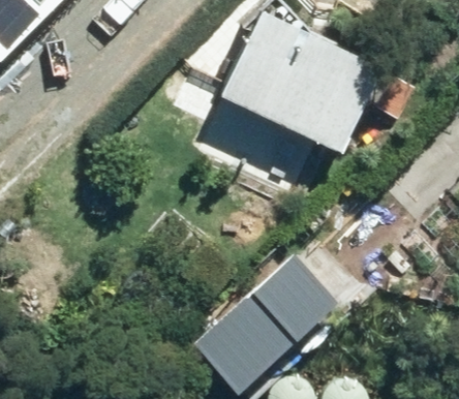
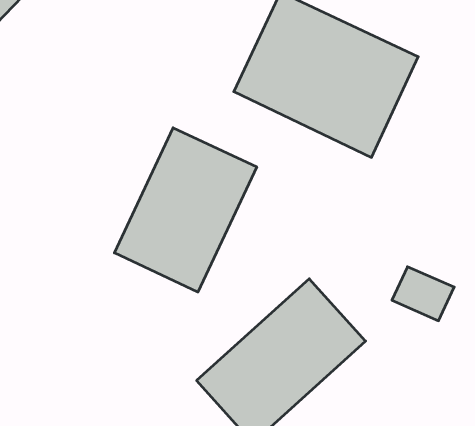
building: none -> [114,128,257,292]

